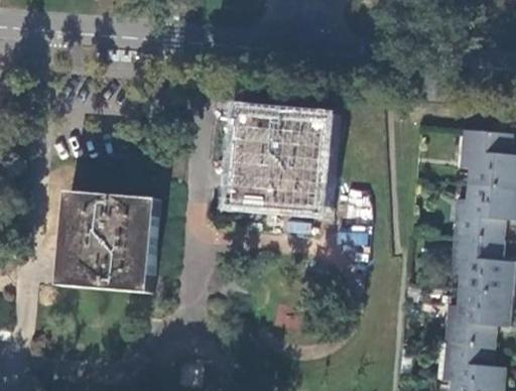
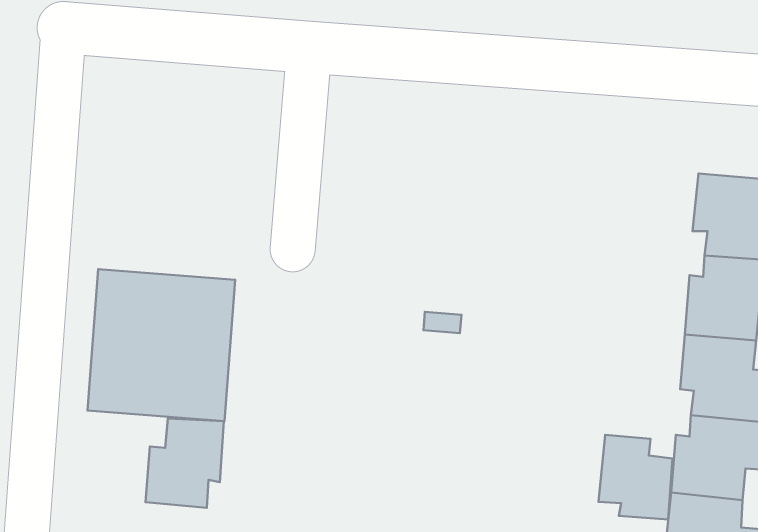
building: [233,112,332,212] -> none
building: none -> [146,418,224,508]
building: none -> [599,435,673,519]

